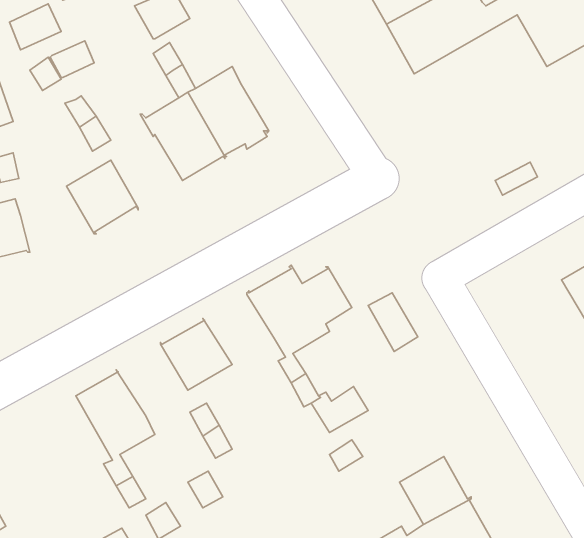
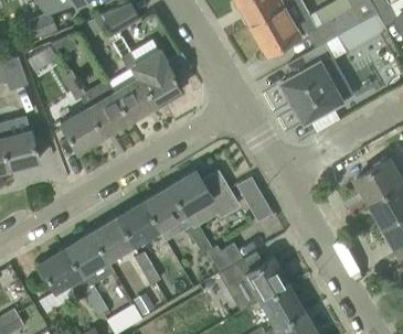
building: none -> [280,43,354,121]
building: none -> [86,91,129,136]
building: none -> [141,187,191,240]
building: none -> [89,217,132,260]
building: none -> [38,247,87,312]
building: none -> [244,257,288,300]

